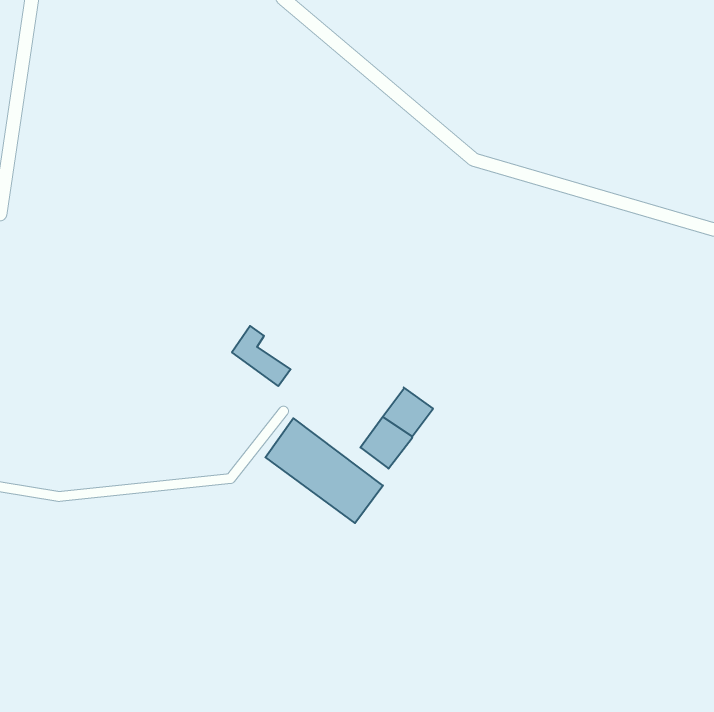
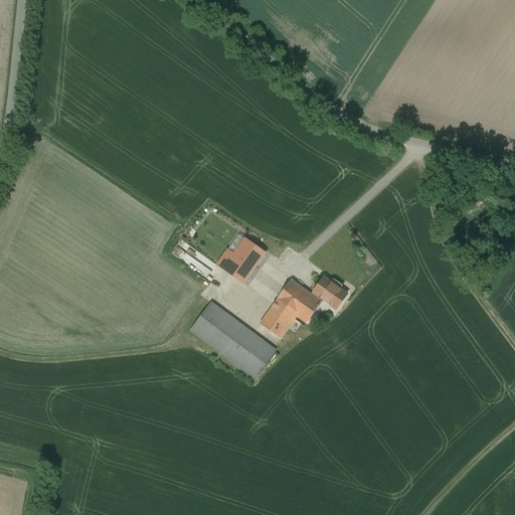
building: none -> [217,233,265,282]
building: none -> [297,277,347,322]

